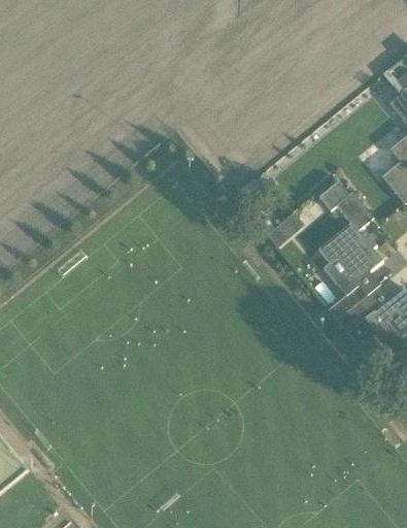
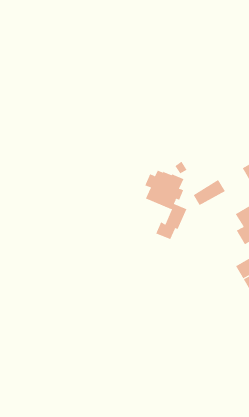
building: none -> [145,170,187,240]

